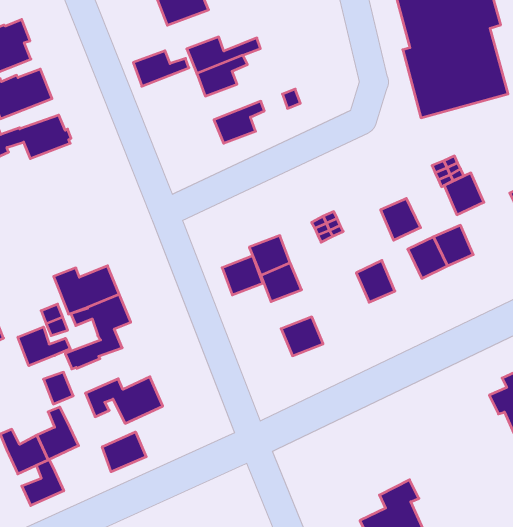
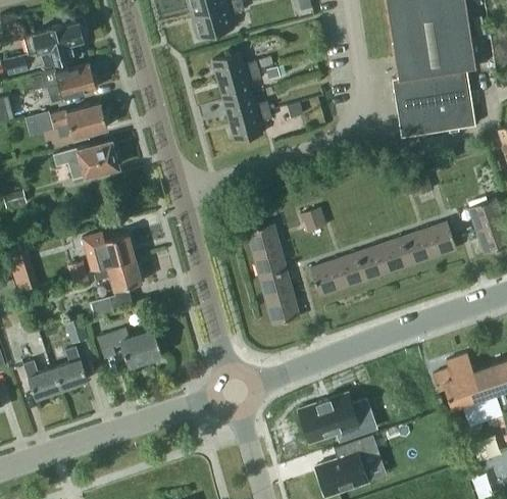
building: [133,51,189,86] -> [223,94,269,121]
building: none -> [54,142,117,180]
building: [444,173,484,215] -> [424,222,456,256]
building: [381,198,421,240] -> [356,246,388,280]
building: [222,256,263,295] -> [260,270,293,301]
building: none -> [310,261,342,295]
building: [18,327,70,366] -> none
building: none -> [299,393,376,443]
building: [102,432,146,472] -> none
building: [22,459,64,506] -> none

